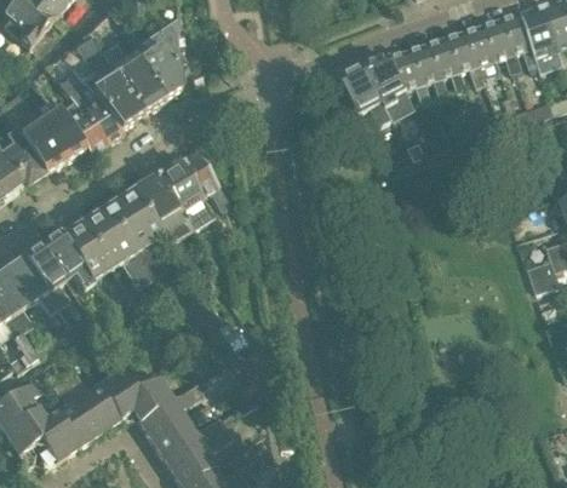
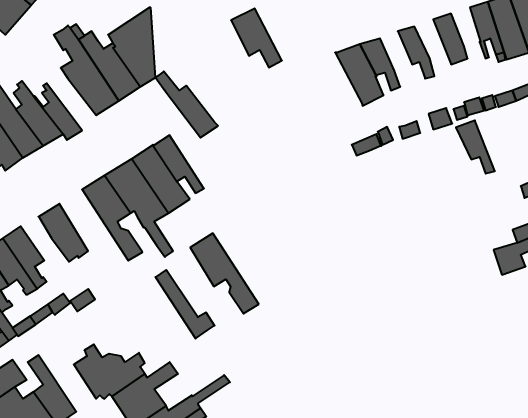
building: [483,18,519,73] -> none
building: [446,30,486,85] -> [456,120,495,174]
building: [411,42,448,97] -> none
building: [340,64,393,125] -> [231,8,282,68]
building: [59,76,124,144] -> [155,71,218,138]
building: [82,205,153,287] -> [190,233,259,314]
building: [42,231,94,288] -> none
building: [61,367,120,432] -> none

